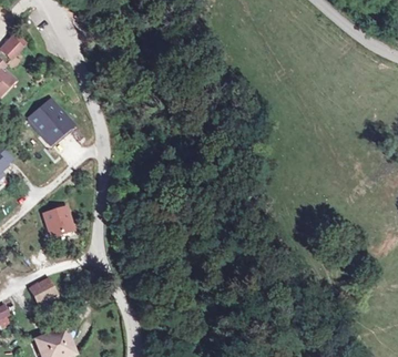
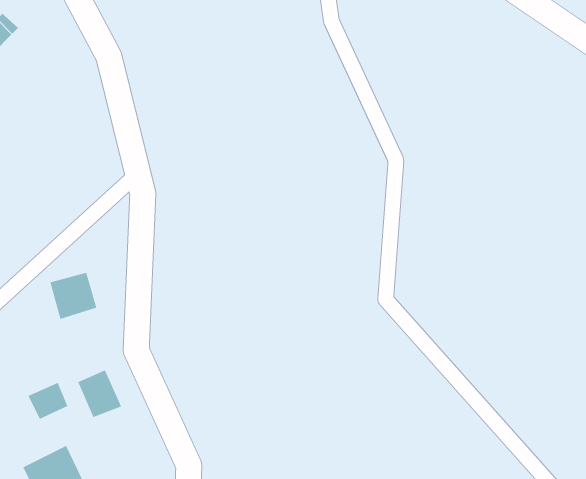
building: [29,98,73,142] -> none
building: none -> [78,369,122,418]

